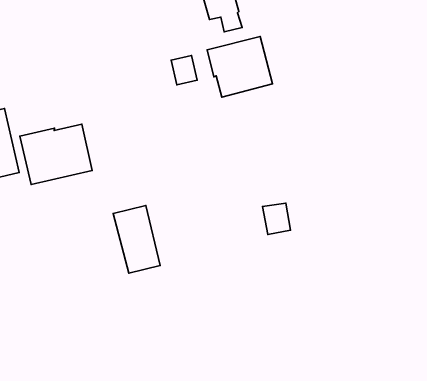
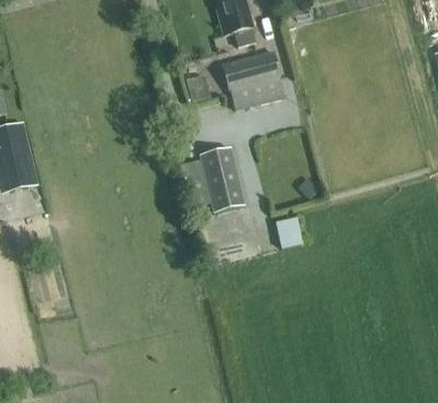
building: [20,124,92,185] -> none
building: [113,206,160,273] -> [198,147,244,213]

